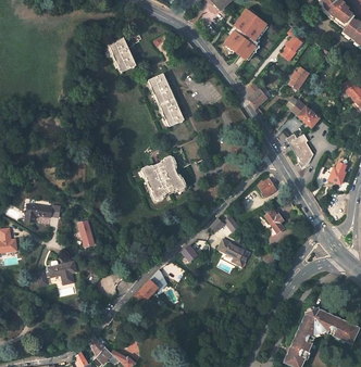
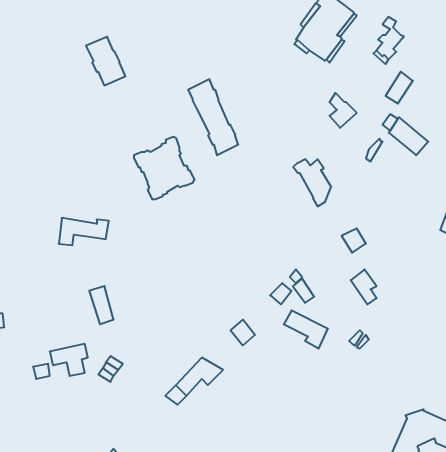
building: [108,37,136,72] -> [86,37,125,85]
building: [286,134,313,167] -> [293,159,331,206]
building: [141,155,185,200] -> [134,137,195,199]
building: [25,203,61,223] -> [59,218,109,245]

